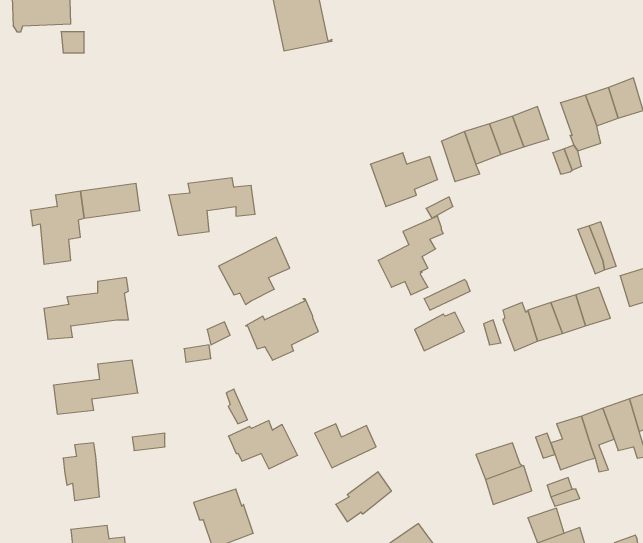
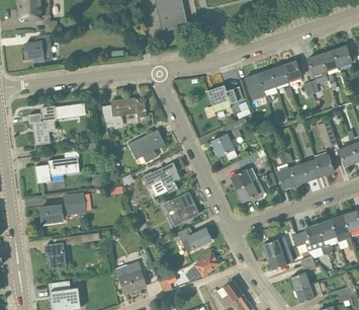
building: none -> [24,34,51,61]
building: none -> [236,178,263,202]
building: [228,421,298,469] -> [162,195,198,220]

